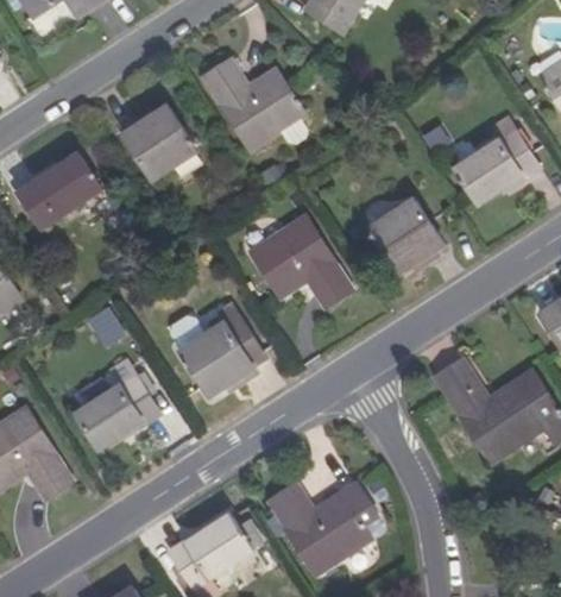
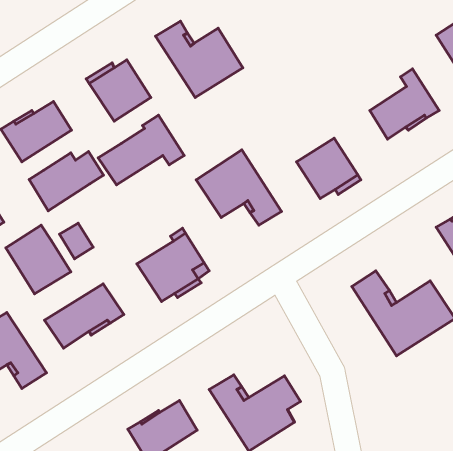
building: none -> [98,115,184,185]
building: none -> [29,151,104,211]
building: none -> [6,225,71,294]

